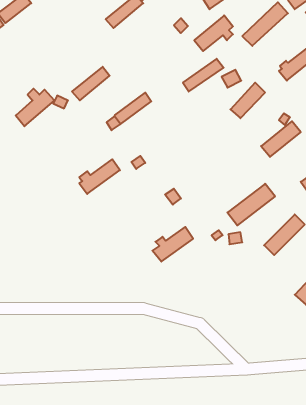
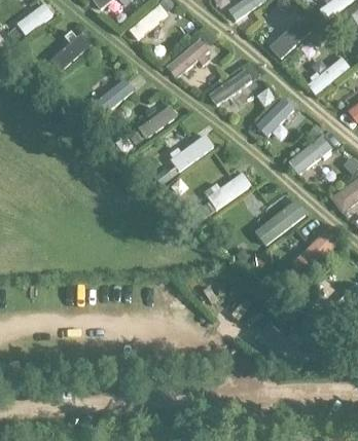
building: [194,15,233,51] -> [169,39,209,76]
building: [16,89,54,126] -> [52,31,93,70]
building: [79,159,120,194] -> [170,135,212,171]
building: [152,227,193,262] -> [207,173,249,209]

